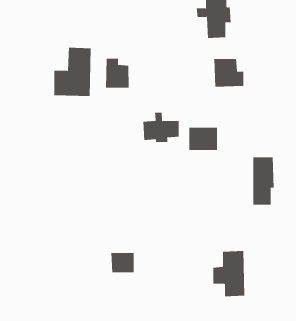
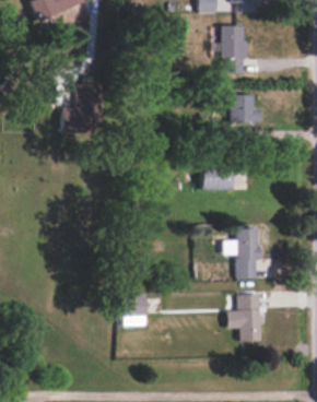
building: [106,58,129,89] -> none
building: [143,112,179,143] -> none
building: [252,157,275,205] -> [236,227,259,277]

